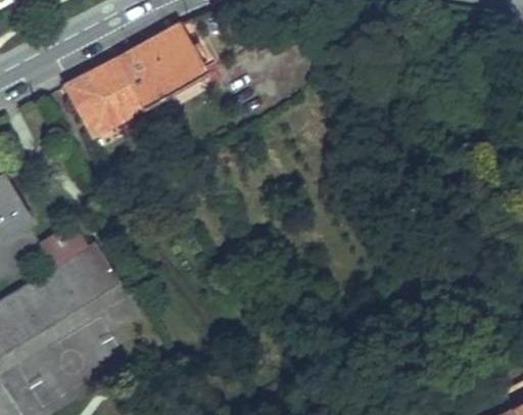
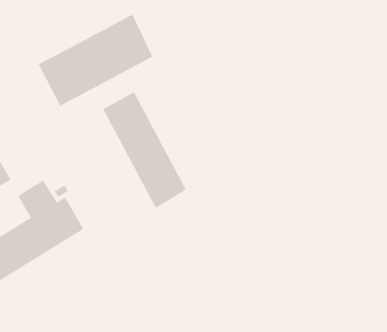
building: none -> [103,91,186,209]

